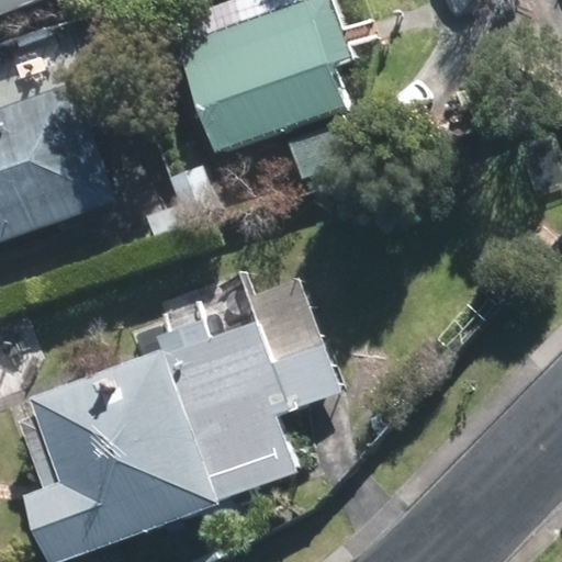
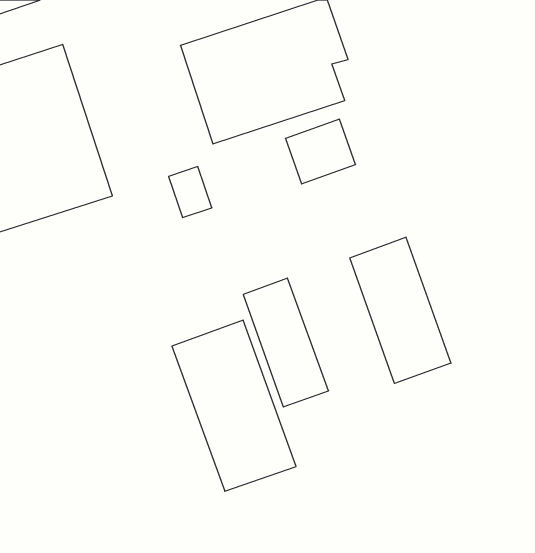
building: none -> [350,237,451,383]
building: [30,358,217,557] -> none

